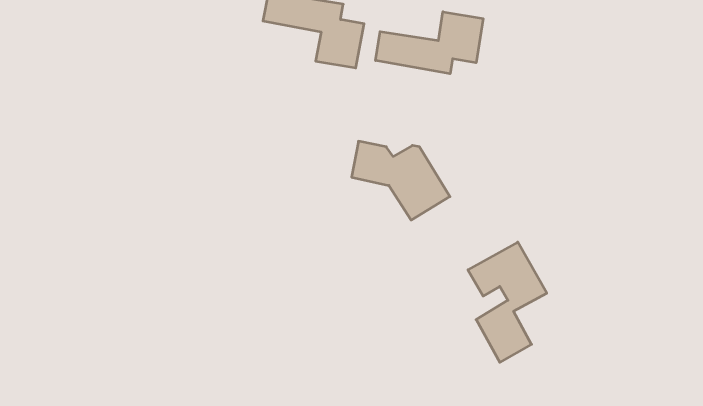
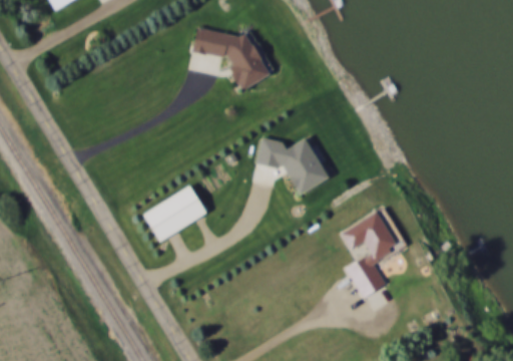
building: [376,12,483,74] -> none
building: none -> [143,186,207,242]

